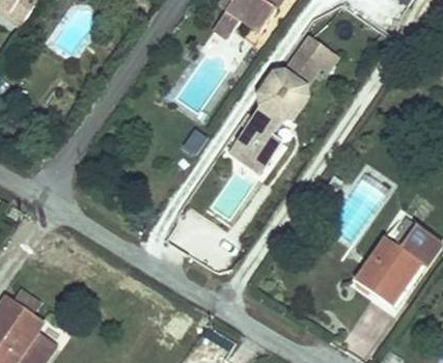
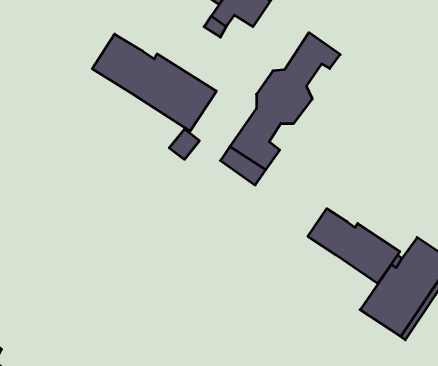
building: none -> [92,34,216,131]
building: none -> [308,209,400,283]

